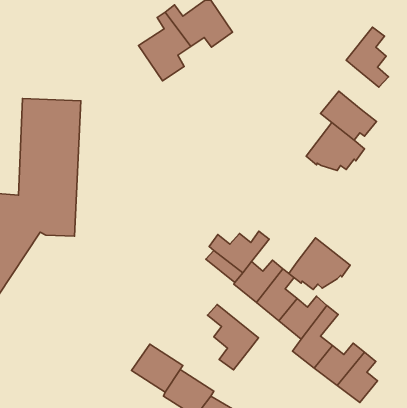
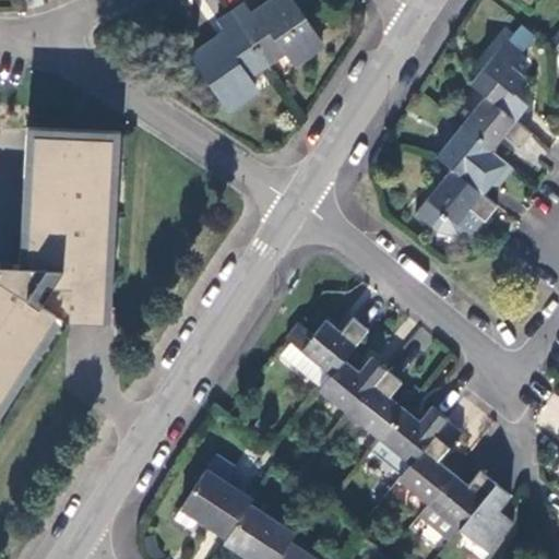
building: none -> [462,95,531,151]
building: [289,238,350,290] -> none
building: [208,305,258,370] -> none

